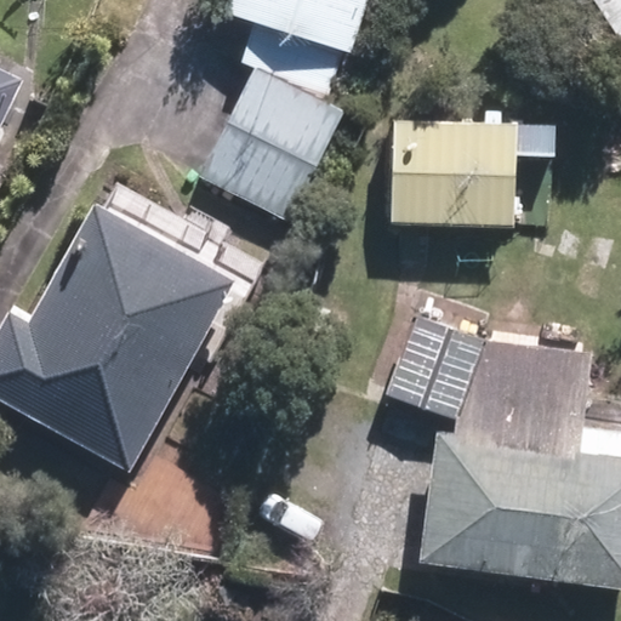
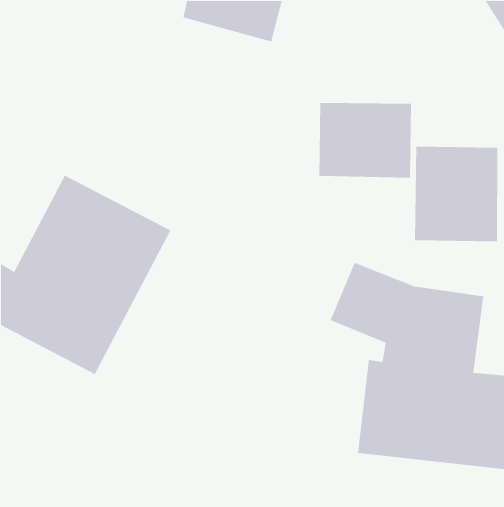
building: [206,79,344,221] -> none
building: none -> [414,146,498,242]

